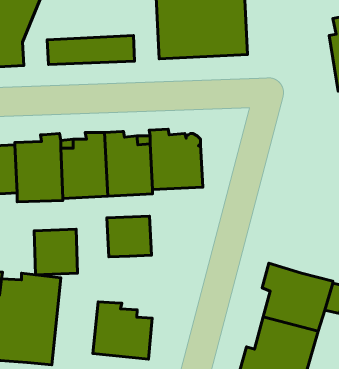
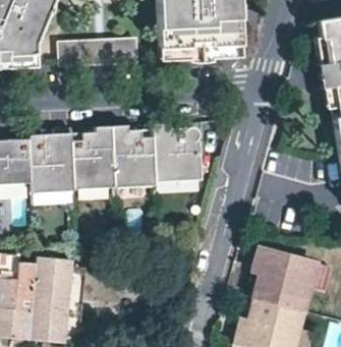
building: [107,216,151,257] -> none
building: [34,229,78,275] -> none
building: [93,302,152,359] -> none

